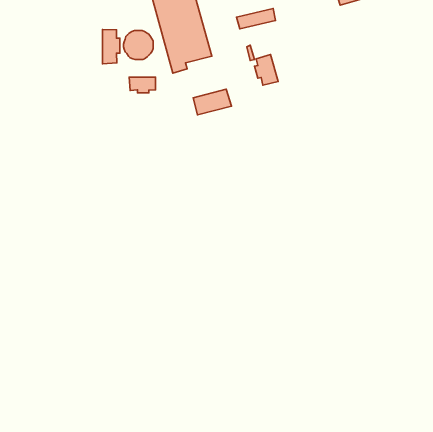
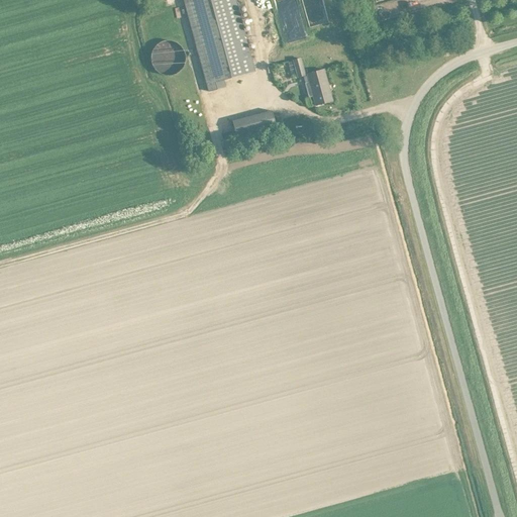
building: [102,30,120,64] -> none
building: [129,77,156,93] -> none

